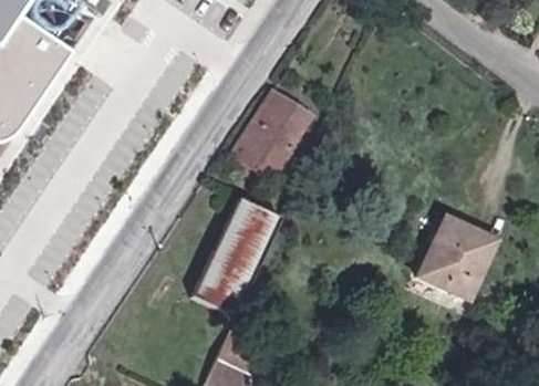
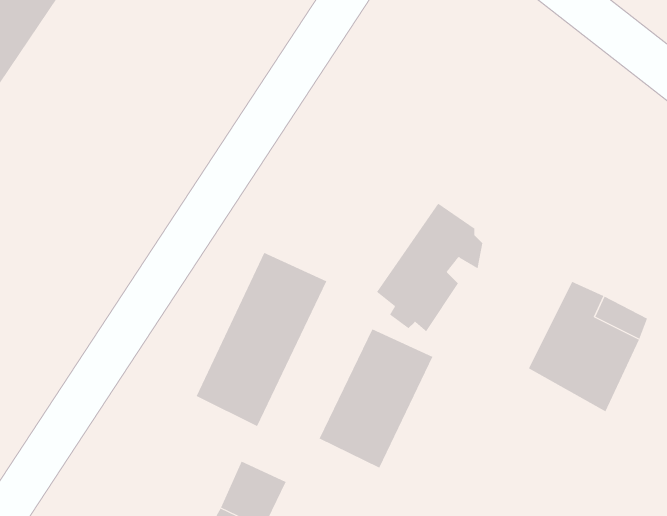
building: [235,90,308,178] -> [376,203,483,332]
building: none -> [319,329,433,469]

